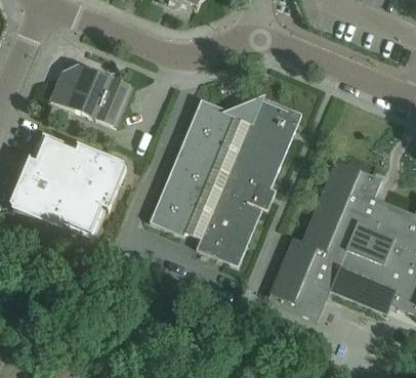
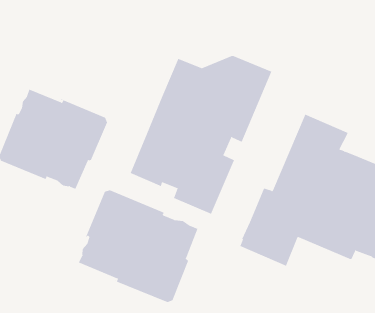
building: [50,65,133,128] -> none
building: none -> [78,189,198,303]

